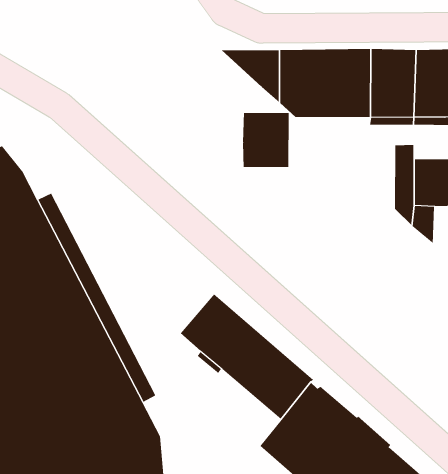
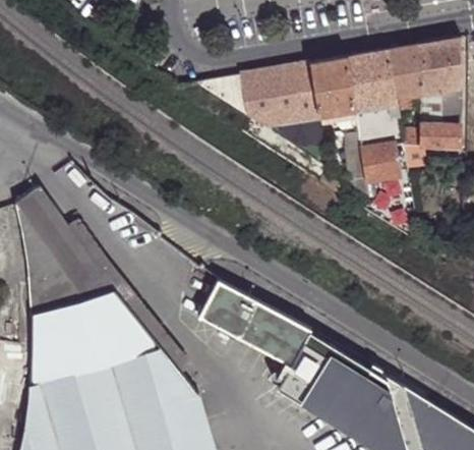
building: [243,112,289,168] -> none

